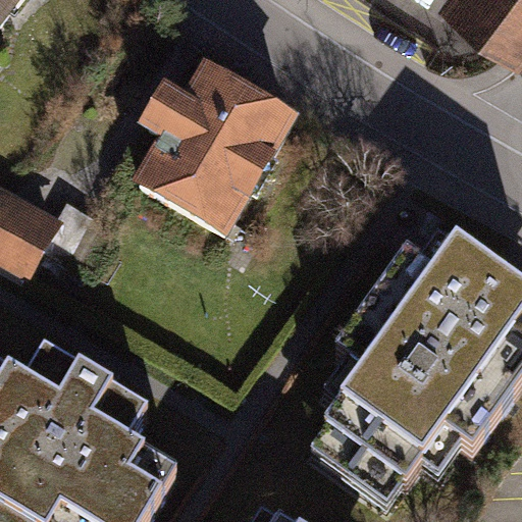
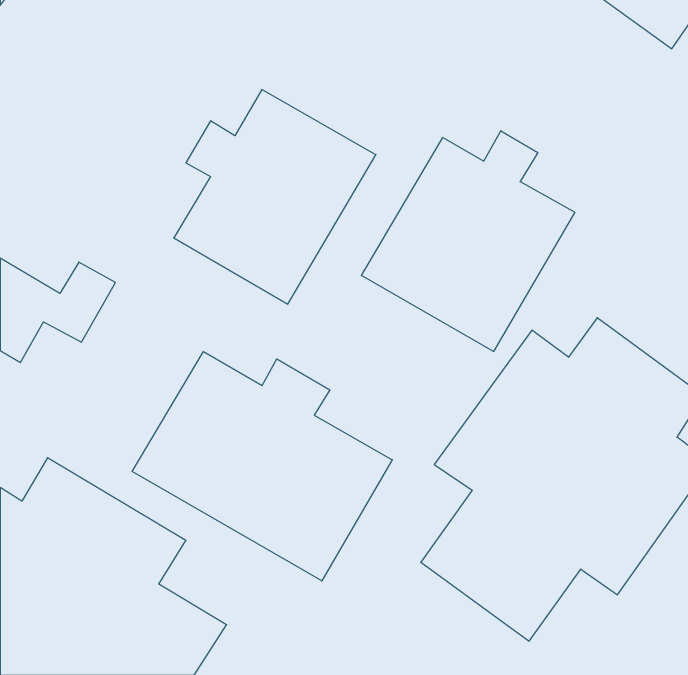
building: none -> [361,131,575,351]
building: none -> [132,352,392,581]

